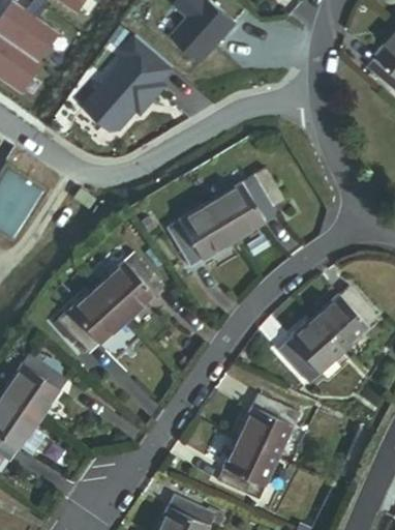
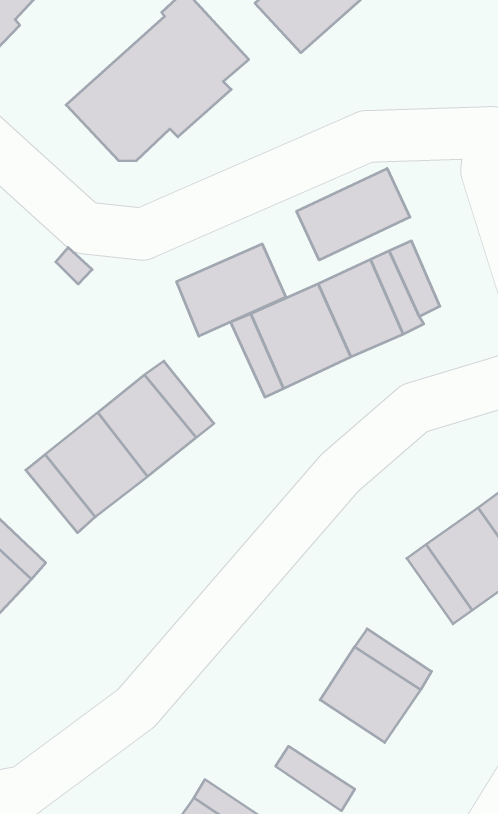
building: none -> [297,168,410,260]
building: none -> [177,244,286,336]
building: [231,438,286,488] -> none

